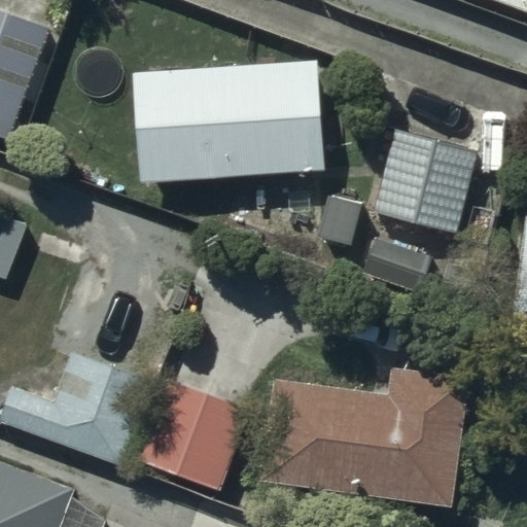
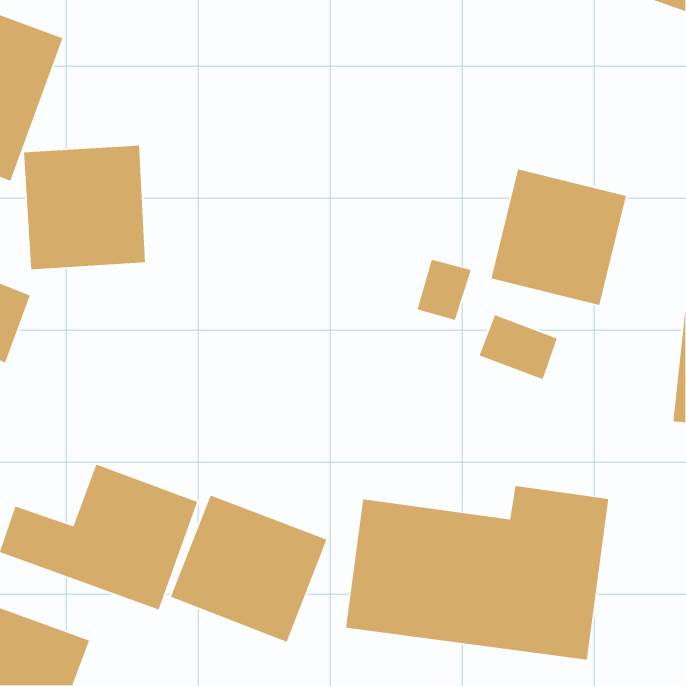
building: [136,62,323,182] -> none
building: none -> [23,145,146,270]

